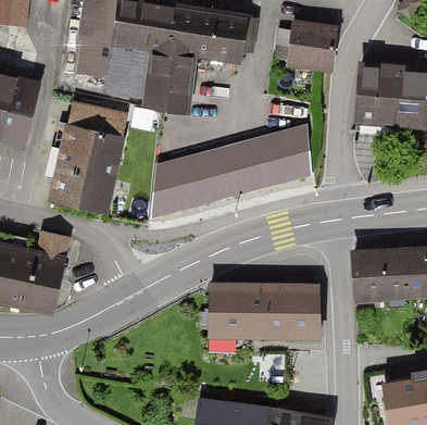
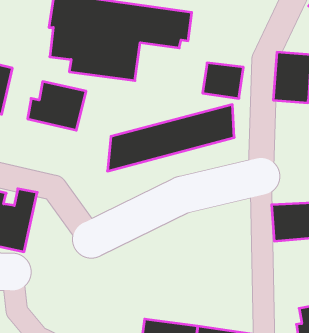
building: [287,25,337,68] -> [203,63,243,98]
building: [47,149,114,210] -> none
building: [206,283,322,347] -> none

